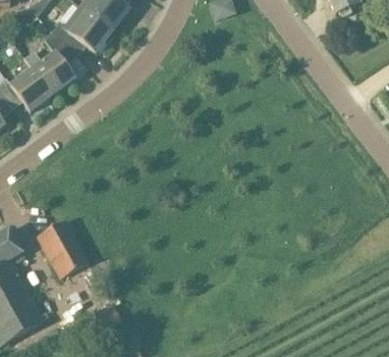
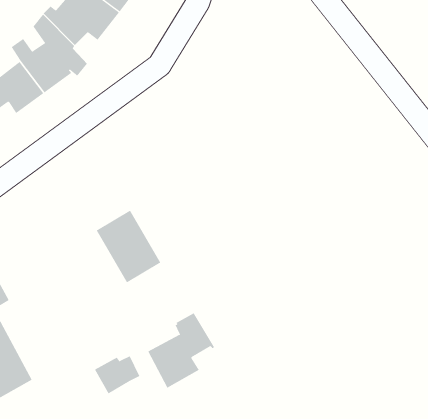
building: [37,219,89,277] -> [96,210,161,283]
building: none -> [147,313,215,388]

